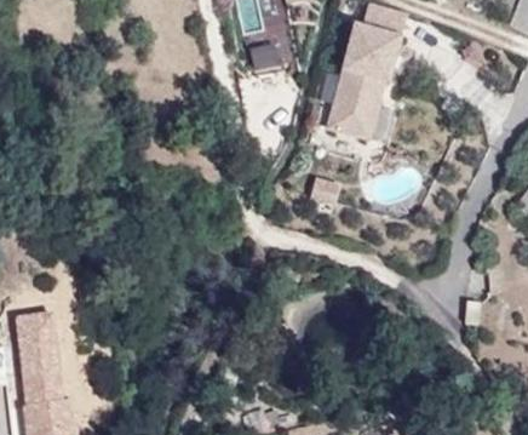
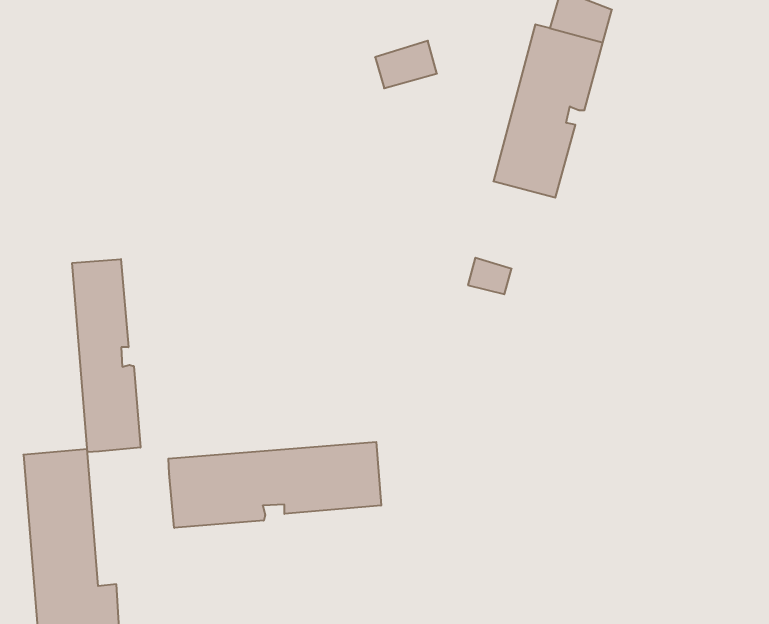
building: none -> [72,259,140,452]
building: none -> [168,442,381,528]

